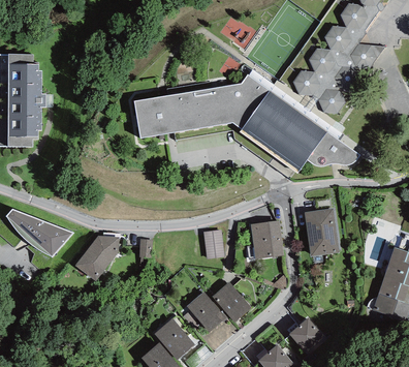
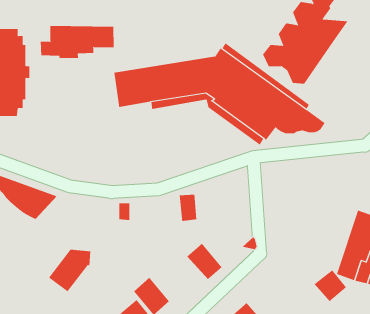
building: none -> [40,25,114,59]
building: [305,208,339,255] -> none
building: [250,219,283,258] -> none
building: [74,235,120,280] -> [48,249,91,292]
building: [186,290,225,332] -> none
building: [288,317,323,351] -> [314,270,347,302]

